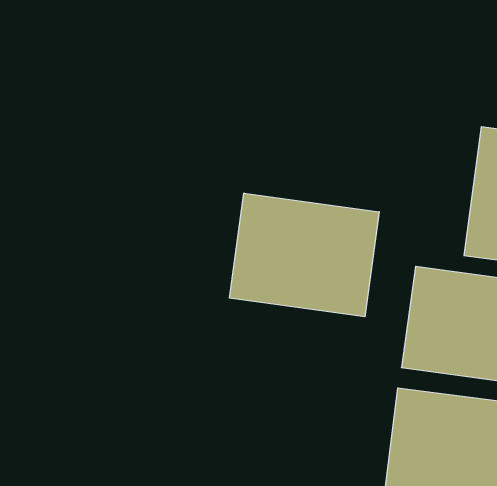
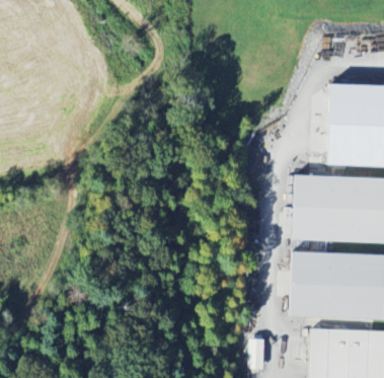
building: [230,193,379,317] -> none

